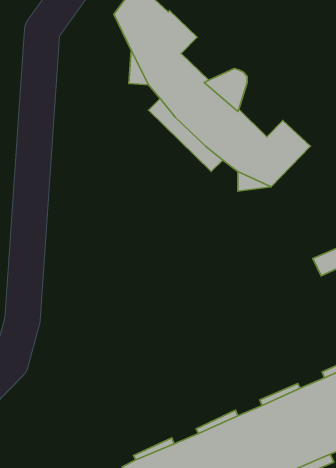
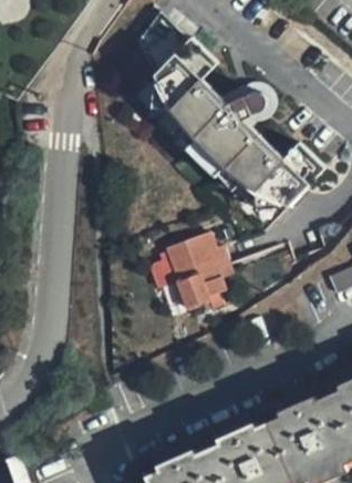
building: none -> [166,233,236,309]

